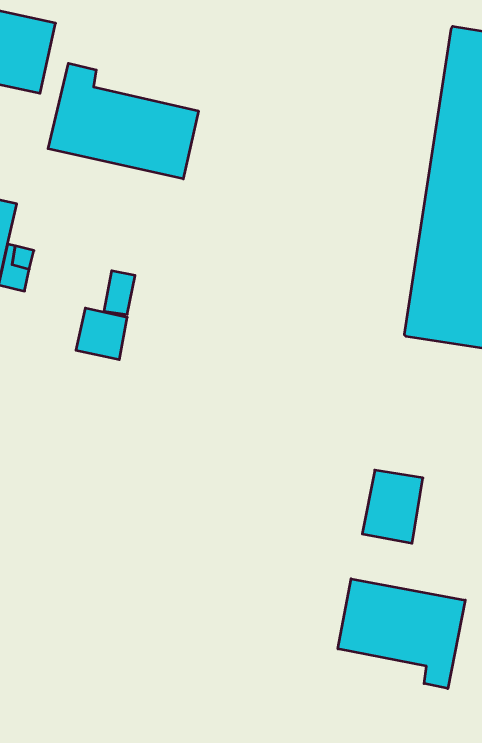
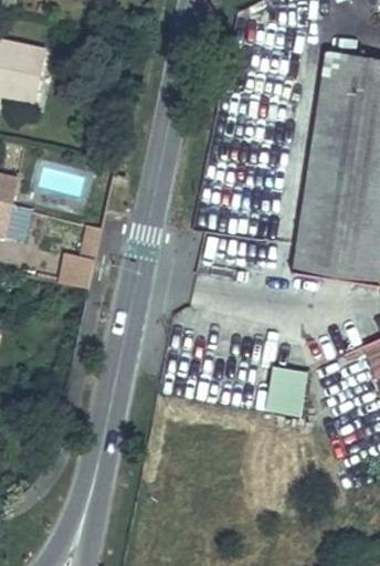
building: [48,63,198,179] -> none
building: [338,579,465,689] -> none

